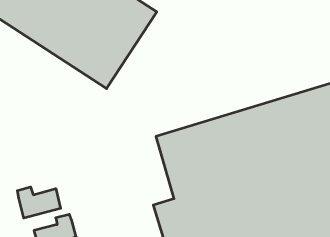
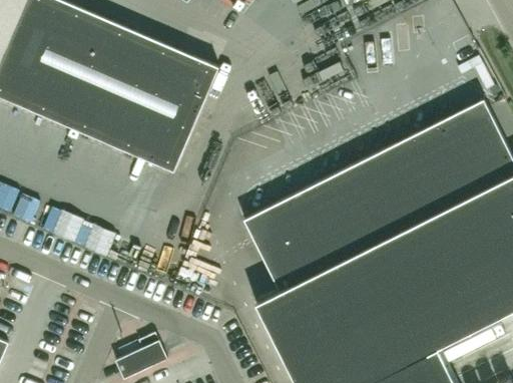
building: [17,187,61,218] -> none

